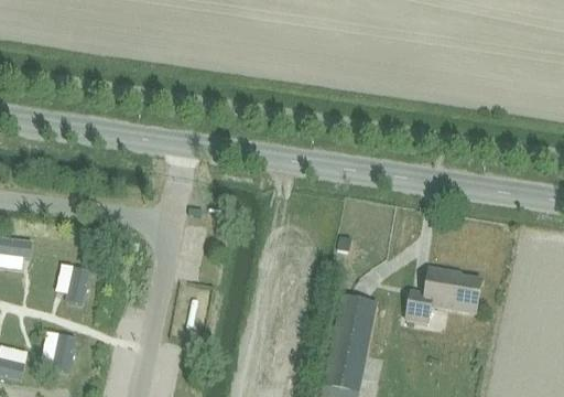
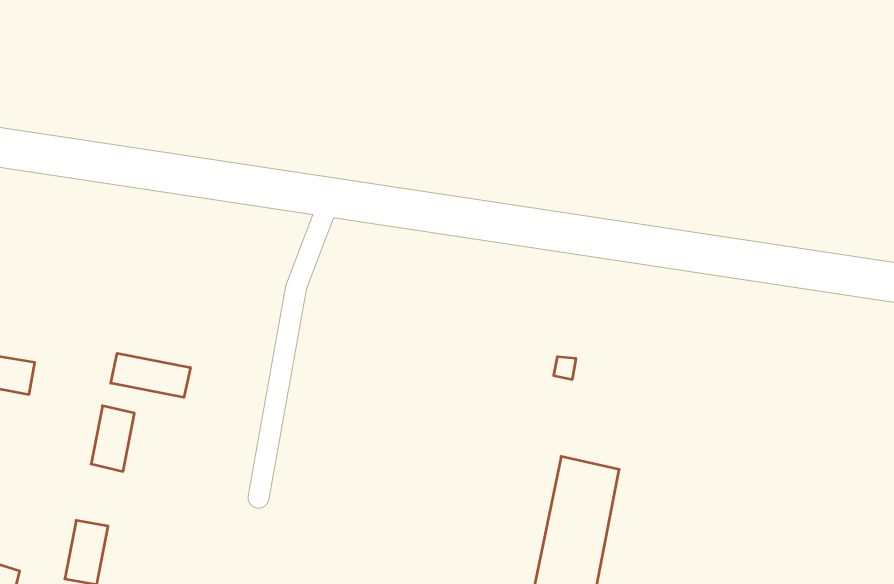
building: none -> [111,353,190,397]
building: [404,266,481,322] -> none

